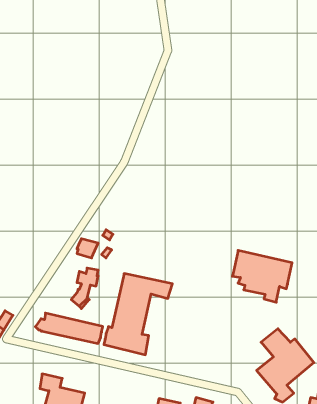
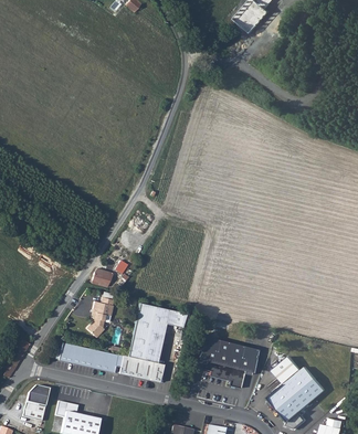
building: [232,250,292,302] -> [198,338,256,389]
building: none -> [23,385,50,421]

